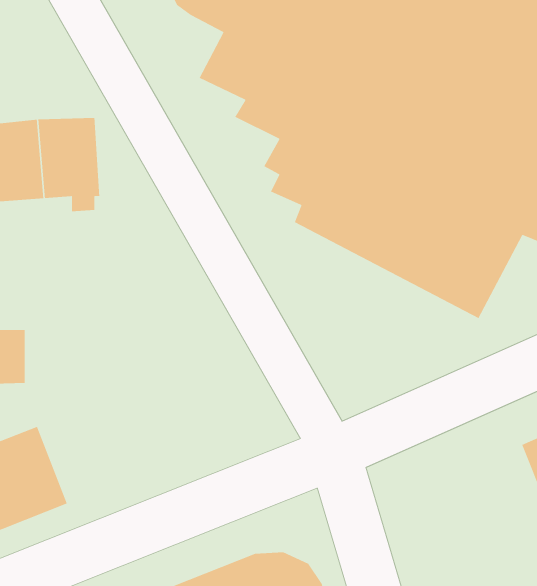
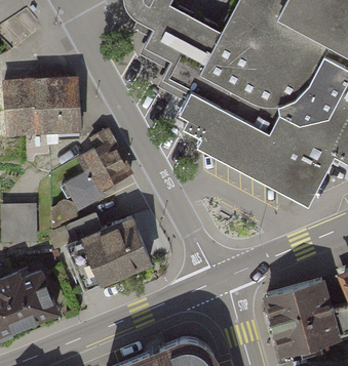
building: none -> [67,145,132,214]
building: none -> [70,217,155,290]
building: none -> [265,278,339,350]

